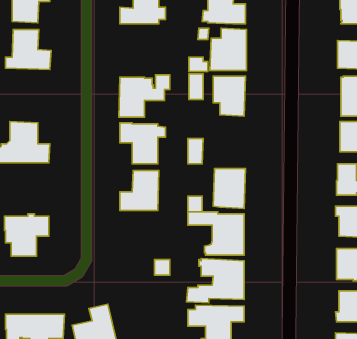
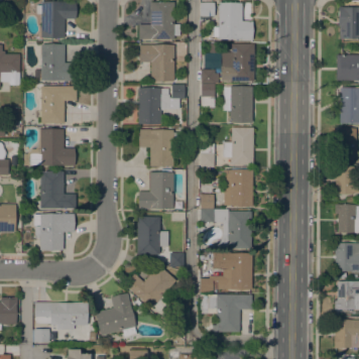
building: none -> [140,45,181,81]
building: none -> [41,86,77,123]
building: none -> [223,127,254,165]
building: none -> [40,171,76,209]
building: none -> [137,217,168,254]
building: none -> [125,265,176,310]

